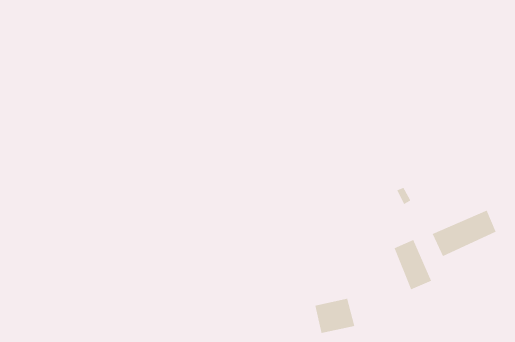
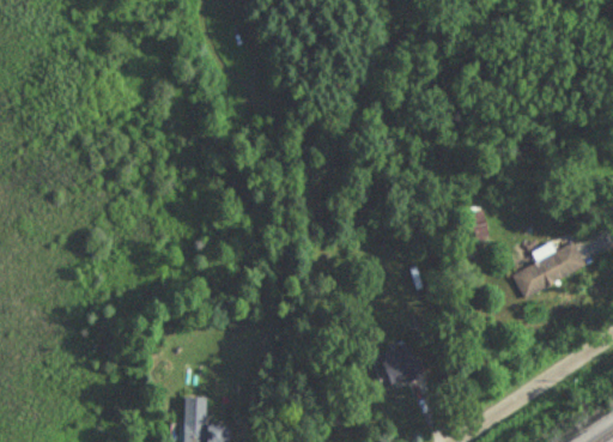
building: [394,239,432,290] -> none

